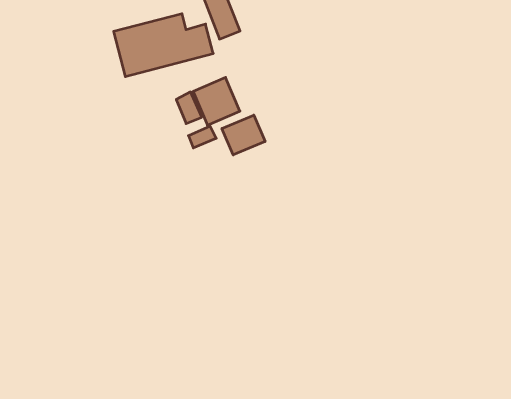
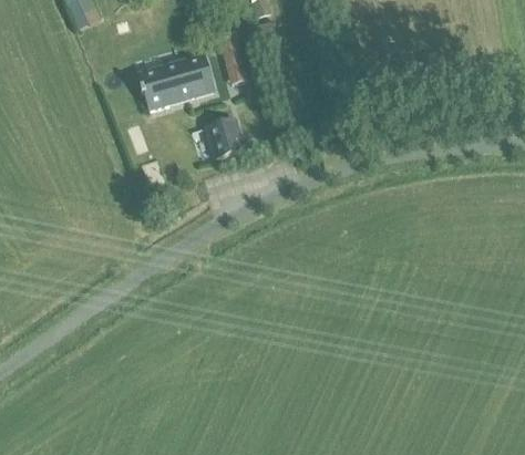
building: [222,115,265,155] -> none

